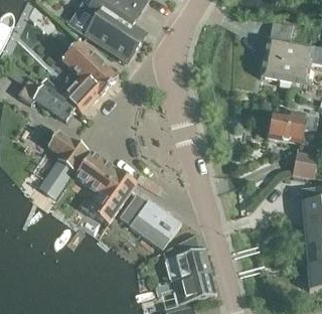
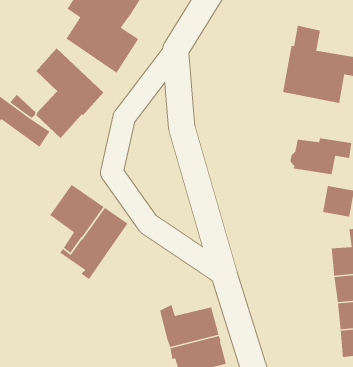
building: [40,129,89,194] -> none
building: [120,193,182,249] -> none

